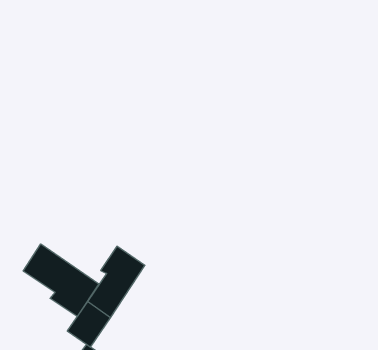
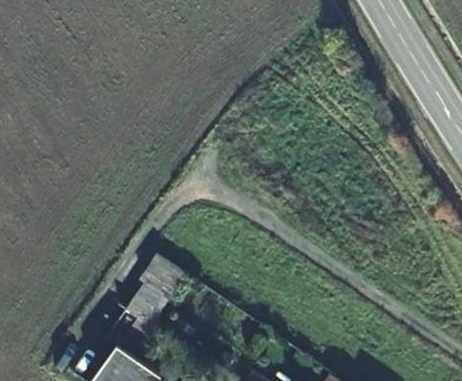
building: [23,244,99,317] -> none

